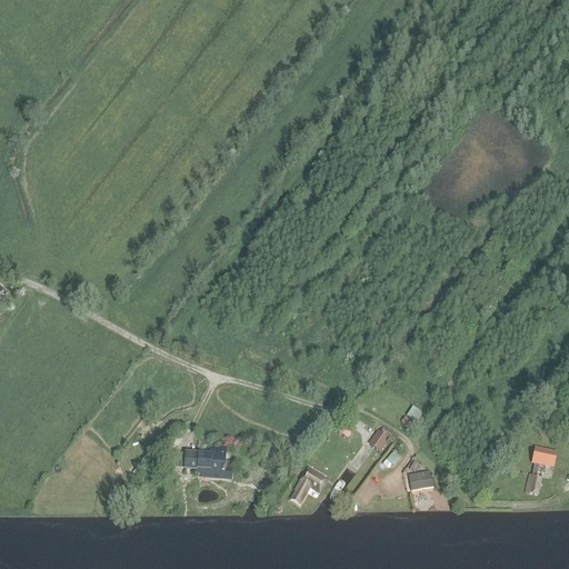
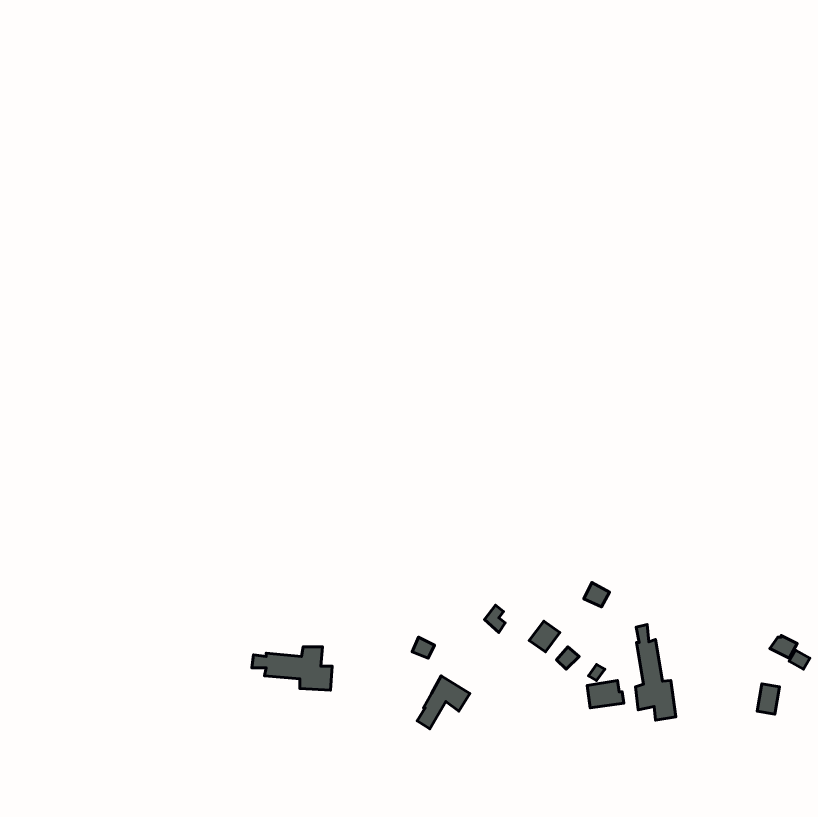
building: none -> [636,625,676,720]

